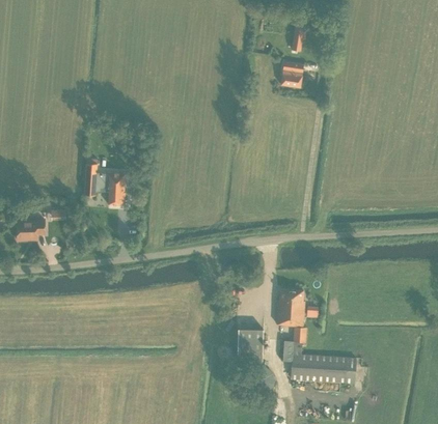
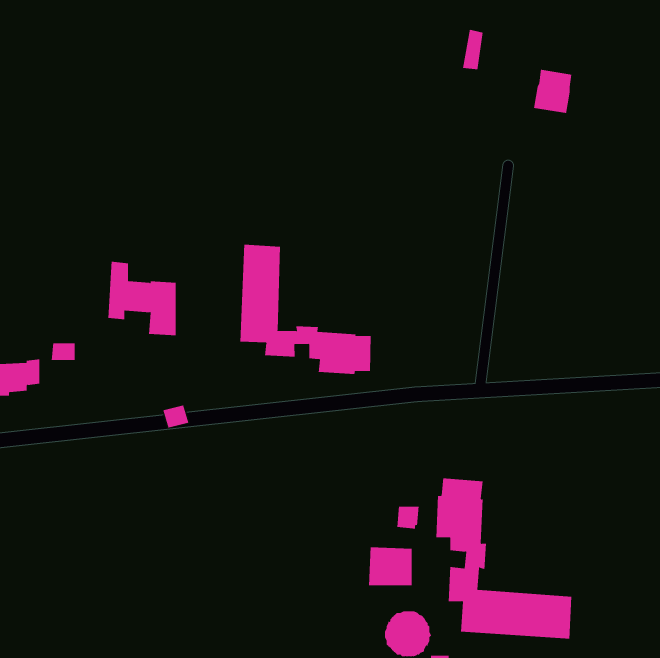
building: [280,61,303,87] -> [533,69,572,113]
building: none -> [240,244,371,375]

